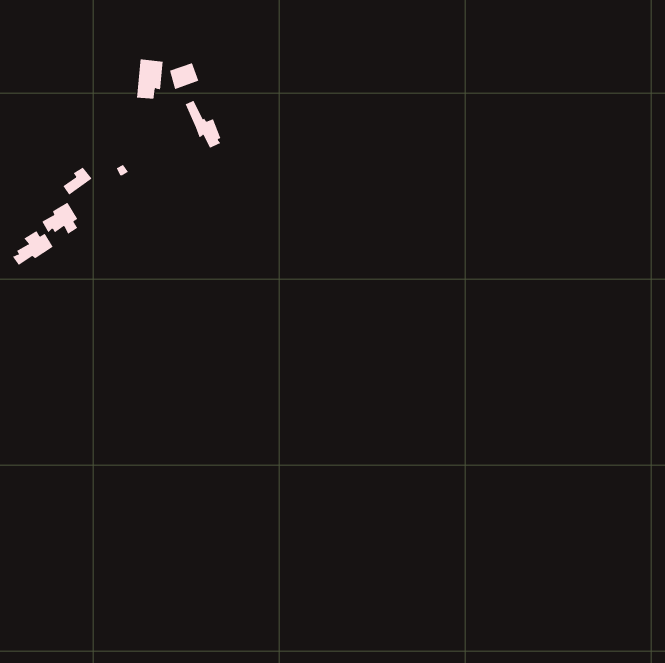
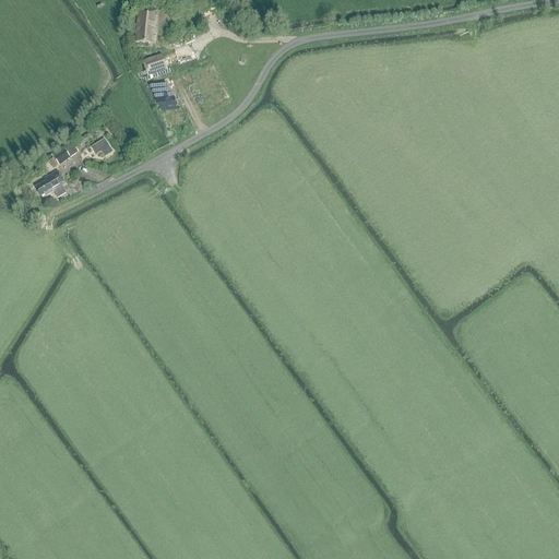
building: [136,59,163,99] -> [134,8,157,41]
building: [12,230,54,266] -> none

